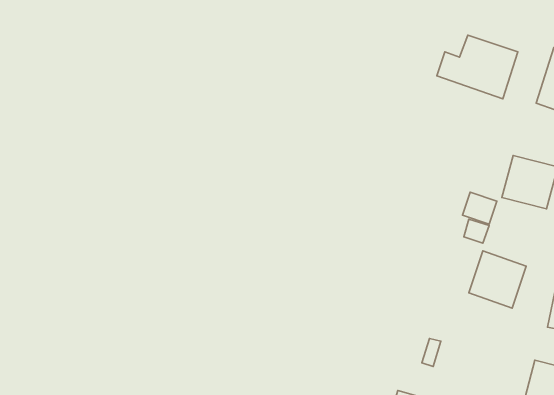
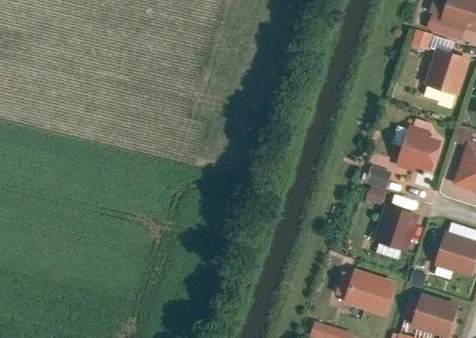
building: [437,35,518,99] -> none
building: none -> [348,269,393,313]

